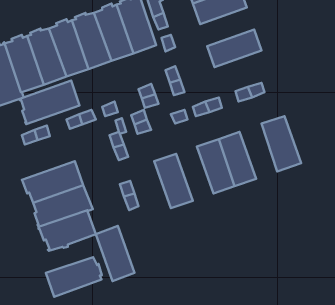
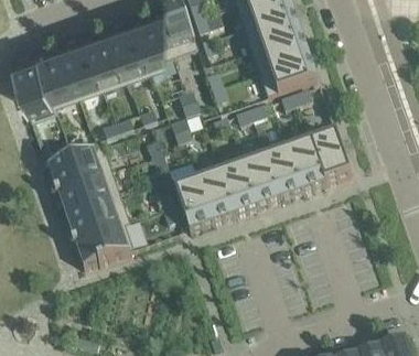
building: none -> [245,17,302,57]
building: none -> [260,62,319,103]
building: [19,80,79,124] -> [49,152,112,198]
building: none -> [287,139,326,197]
building: none -> [219,163,259,220]
building: [96,226,134,281] -> [173,179,214,237]
building: [46,257,102,297] -> none

